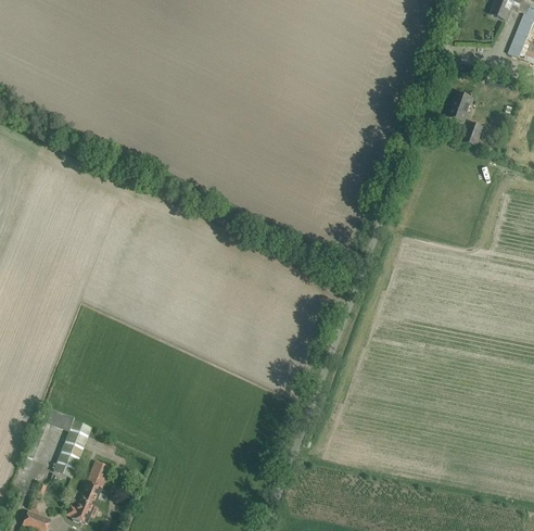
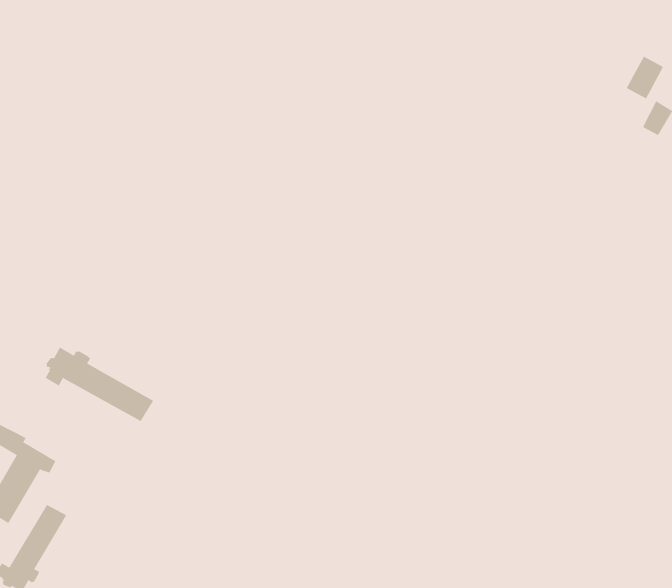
building: none -> [45,346,154,422]

